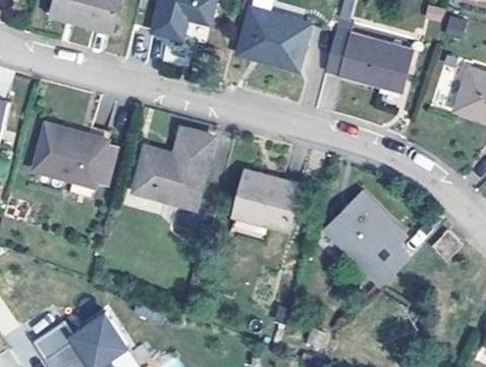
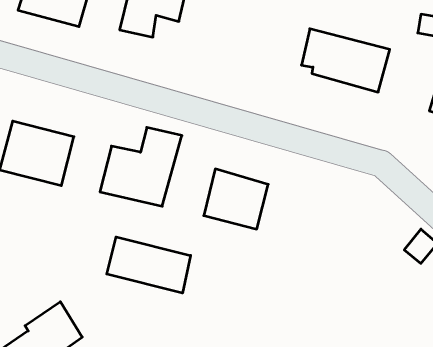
building: [238,7,313,69] -> none
building: [325,192,411,285] -> none
building: none -> [107,237,191,293]

